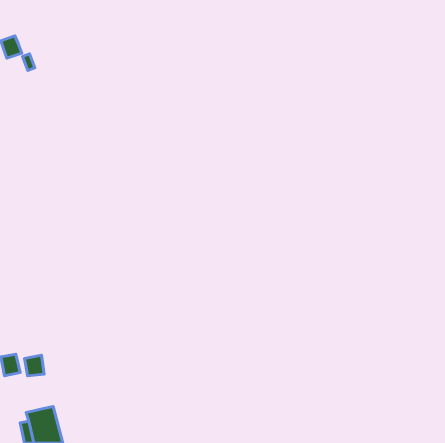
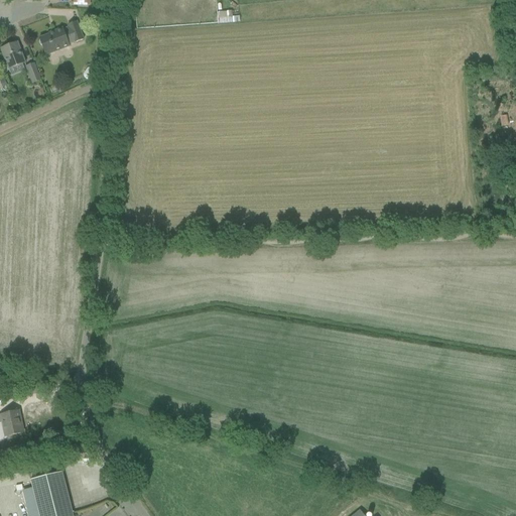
building: none -> [39,20,84,54]
building: [24,355,44,376] -> none

